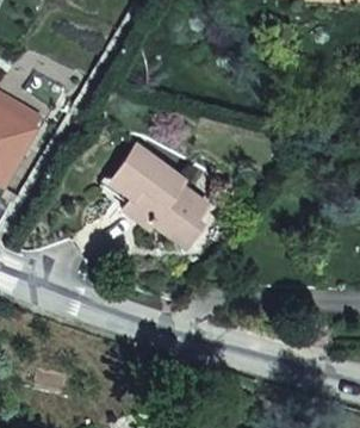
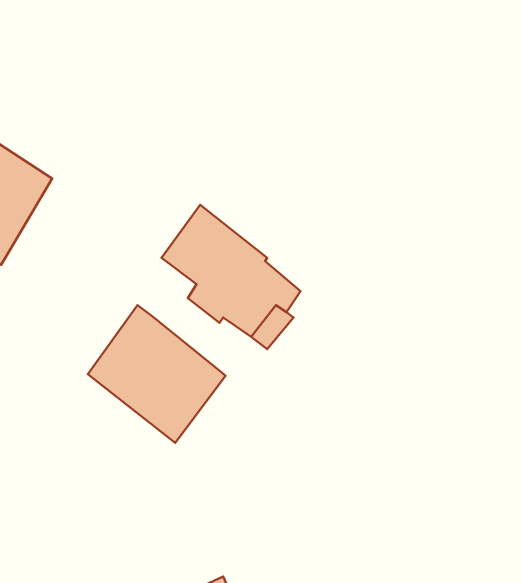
building: none -> [88,305,225,443]

